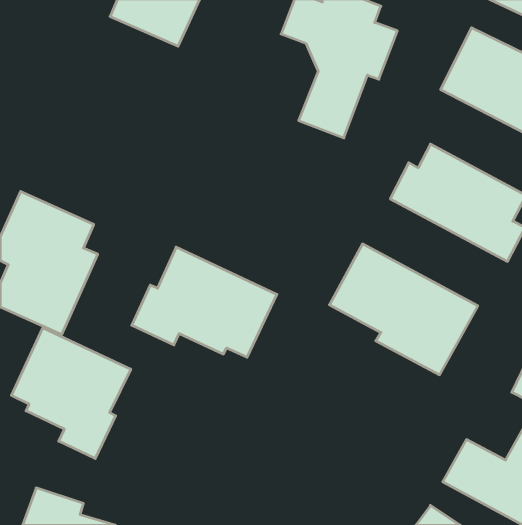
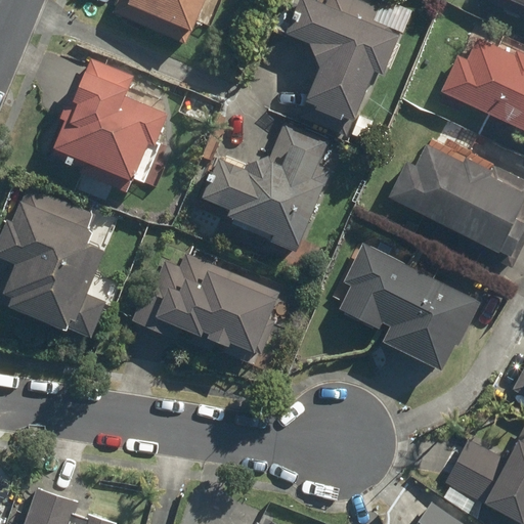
building: none -> [53,54,170,195]
building: none -> [200,123,331,250]
building: [11,328,131,459] -> none

